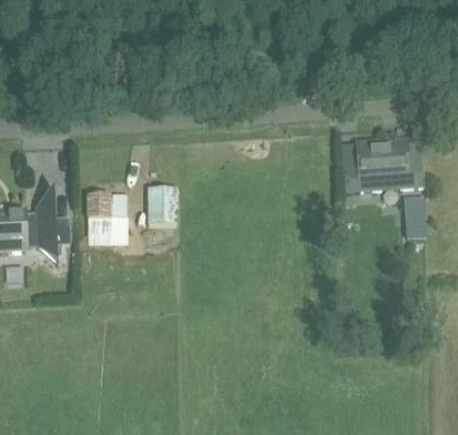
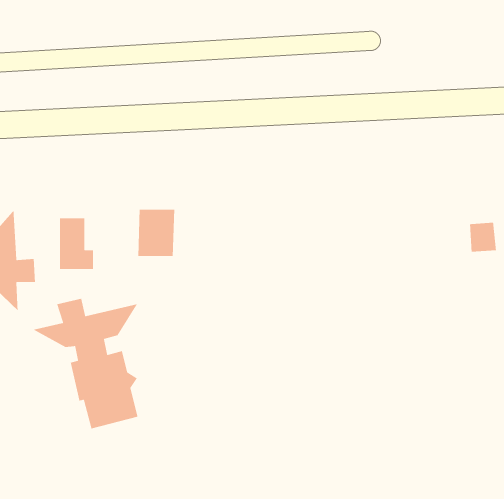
building: [357,134,408,178] -> none
building: none -> [32,298,139,429]

